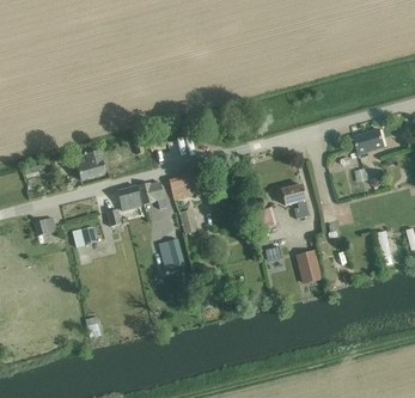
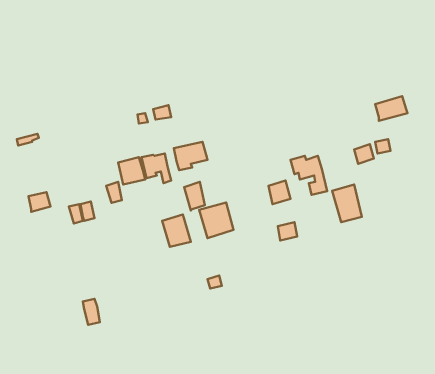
building: [74,151,105,179] -> none
building: none -> [199,203,234,238]
building: [294,250,322,284] -> [332,184,362,222]

